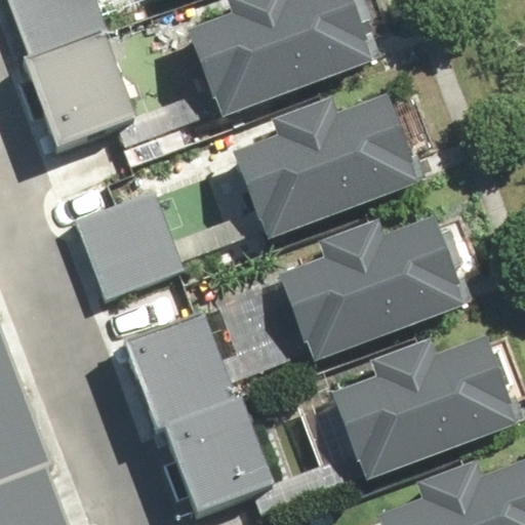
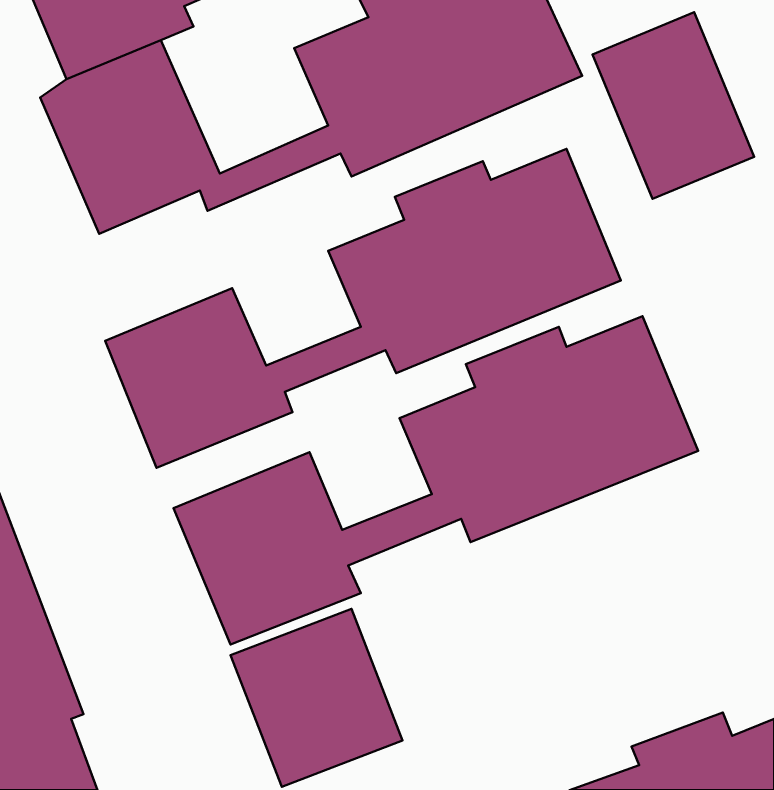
building: none -> [592,12,754,199]
building: [322,334,509,480] -> none

